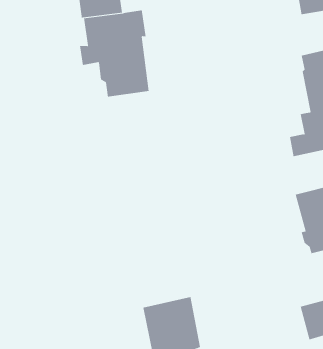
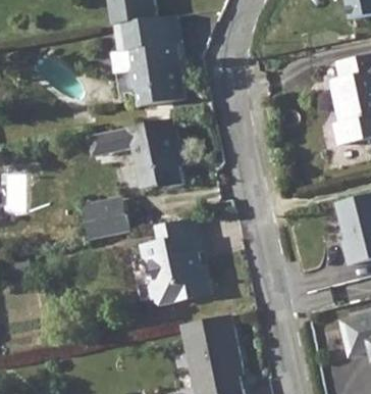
building: none -> [103,119,177,194]
building: none -> [81,200,128,238]
building: none -> [142,216,210,301]

